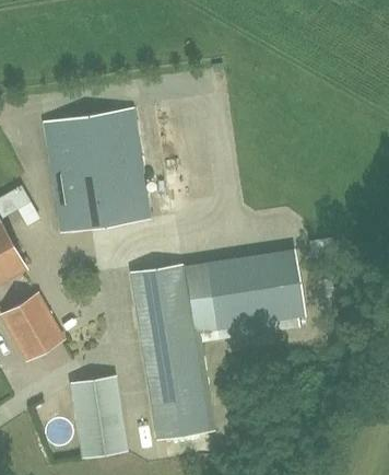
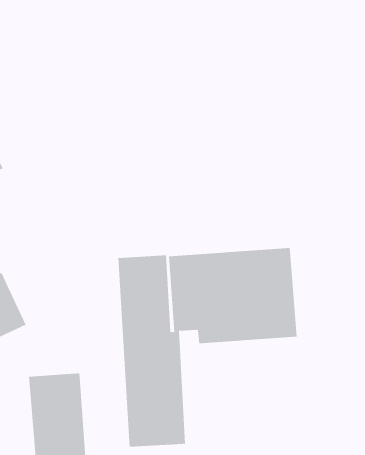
building: [45,108,150,232] -> none

